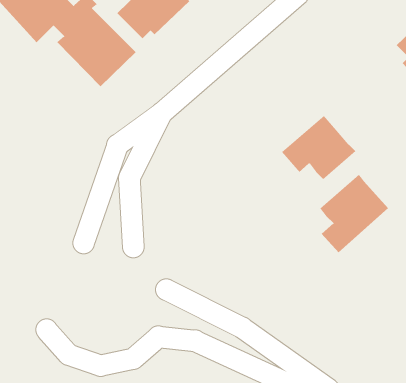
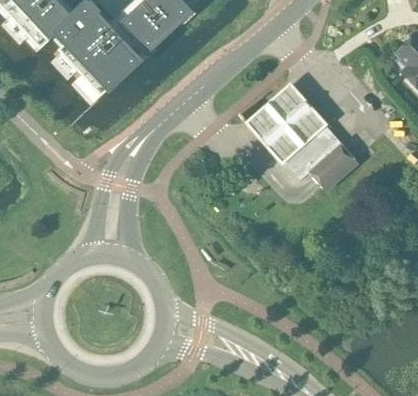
building: none -> [249,83,327,160]
building: [320,174,389,253] -> none

